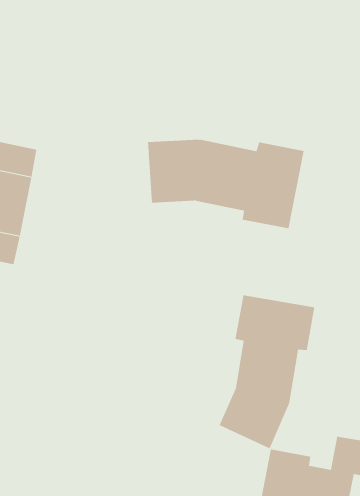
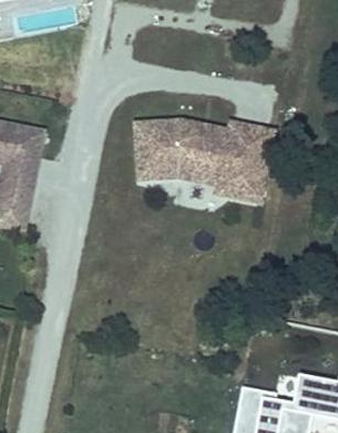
building: [219,295,315,449] -> none

